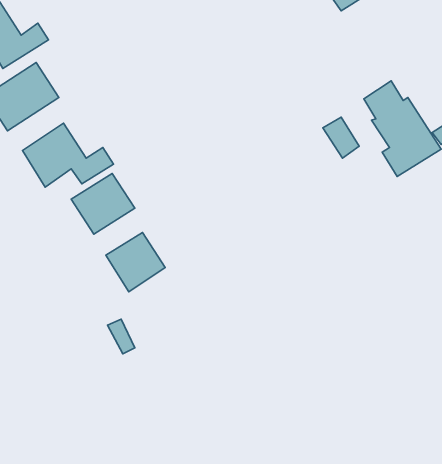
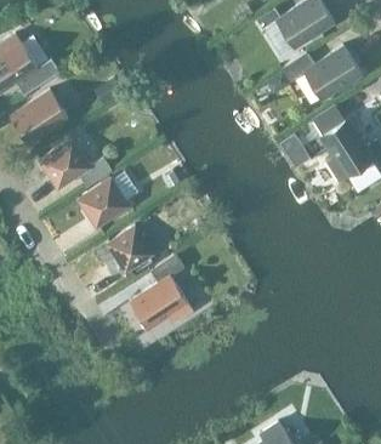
building: none -> [282,45,362,101]
building: none -> [129,254,192,330]

